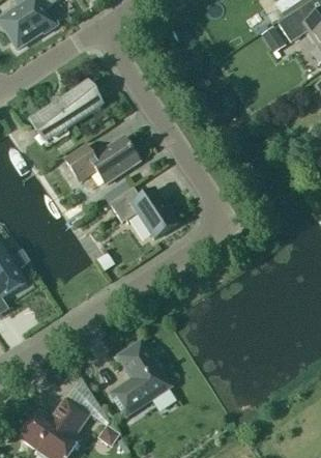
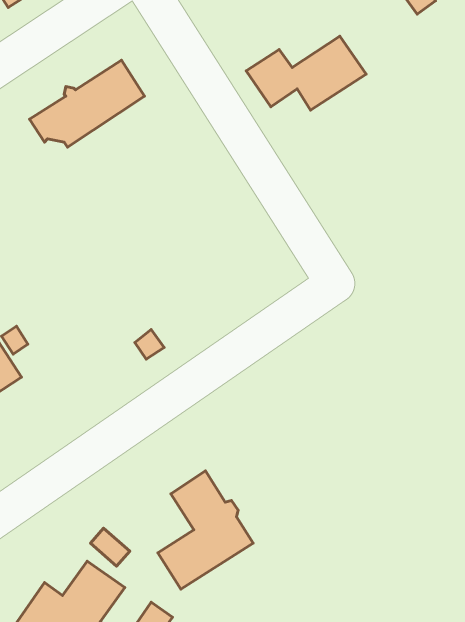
building: [63,136,139,182] -> [246,36,366,110]
building: [109,187,177,237] -> none

